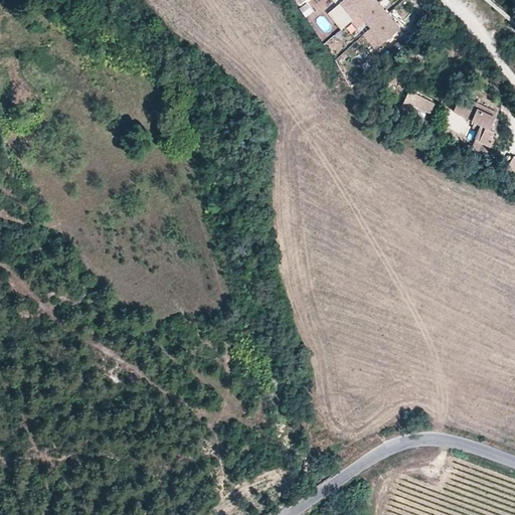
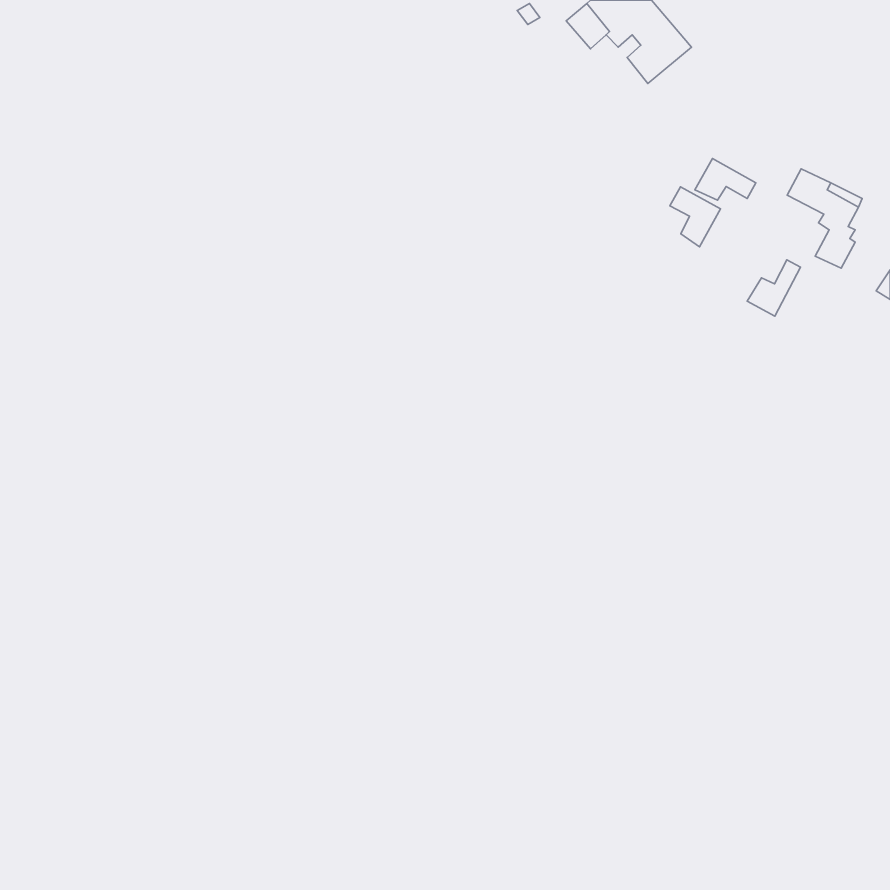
building: none -> [670,187,721,247]
building: none -> [747,260,801,316]

